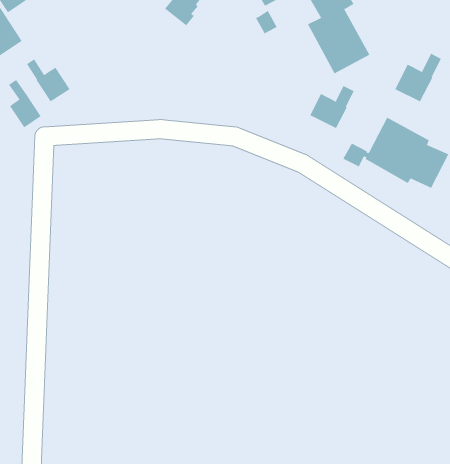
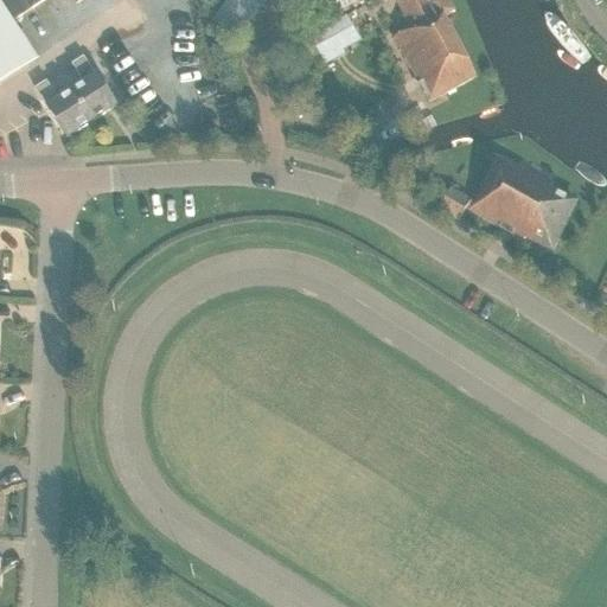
building: [394,53,441,102] -> none
building: [8,79,42,128] -> [72,52,115,115]
building: [309,85,354,129] -> none

